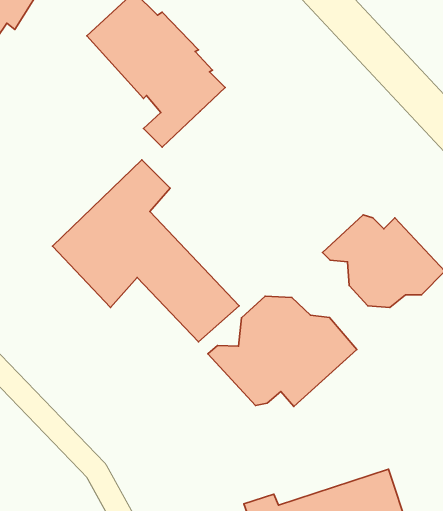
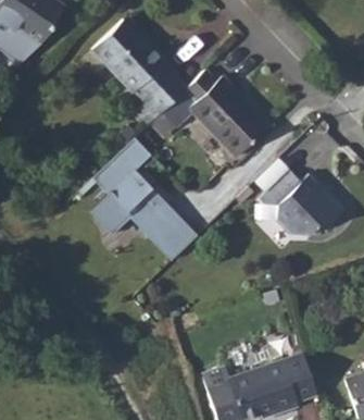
building: none -> [172,71,269,157]
building: [208,296,357,407] -> none

